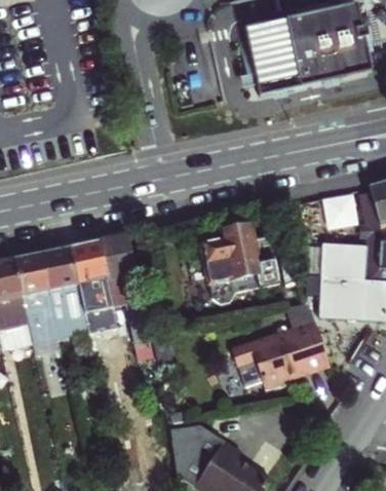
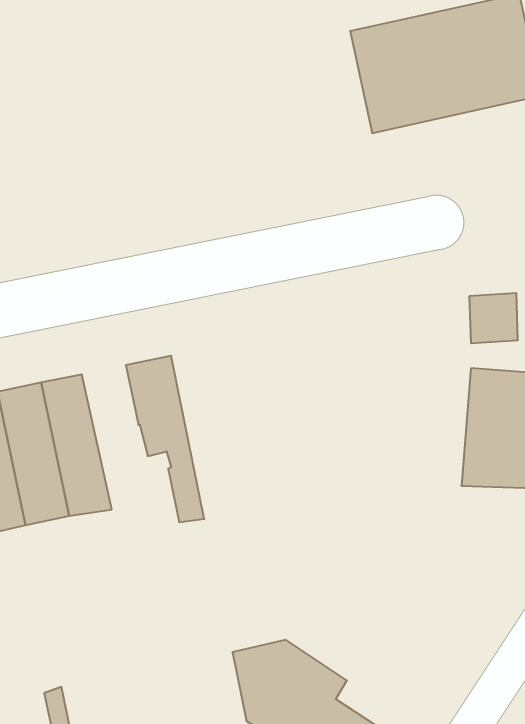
building: [203,223,281,312] -> none
building: [70,239,117,334] -> none
building: [230,302,329,386] -> none

